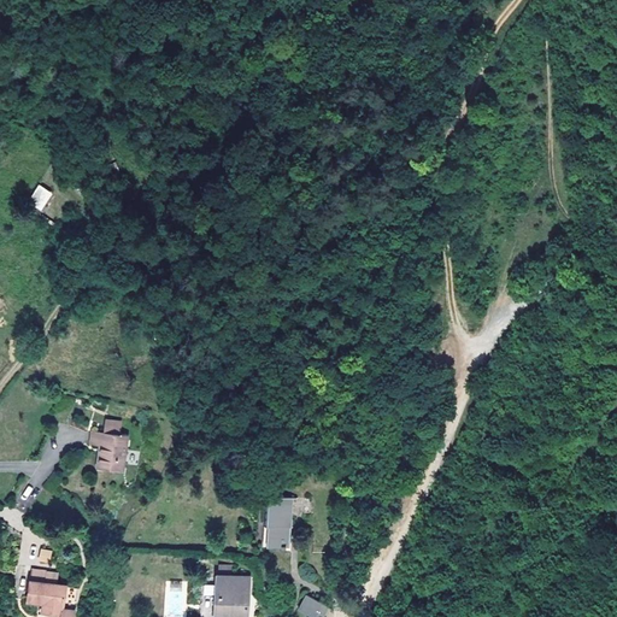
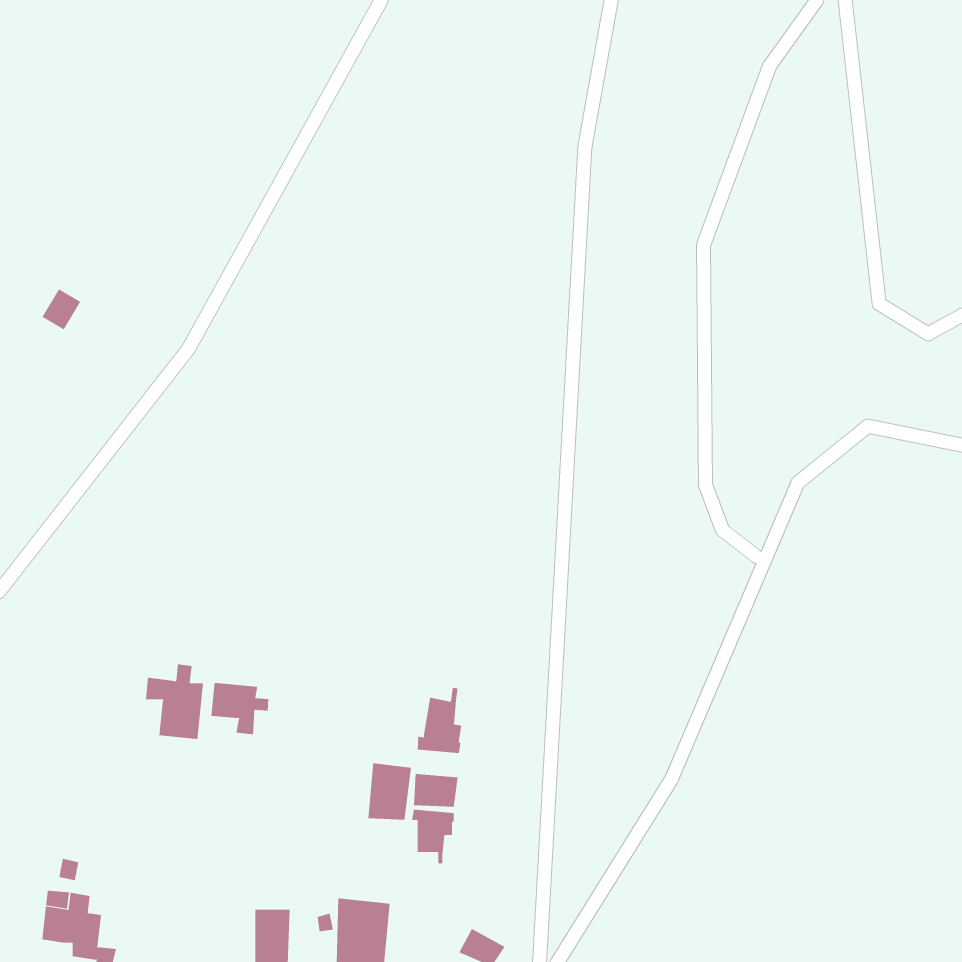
building: none -> [211,682,269,735]
building: none -> [417,687,462,754]
building: none -> [368,763,412,820]

